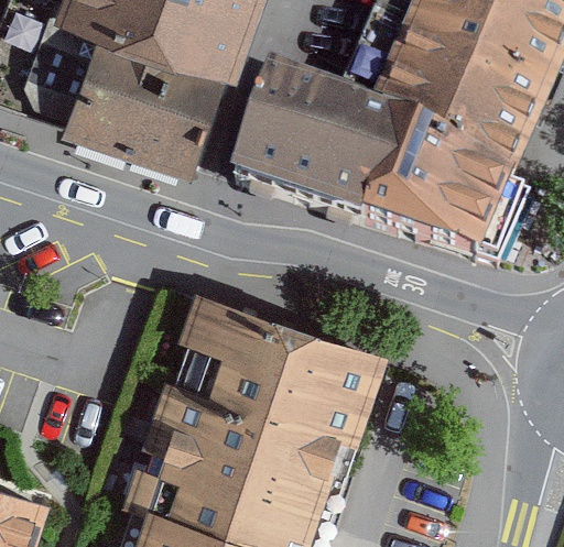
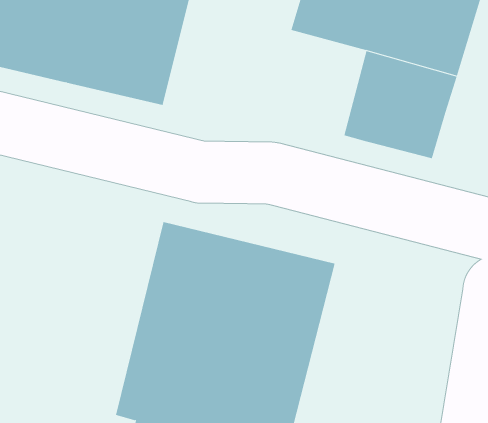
building: [246,73,427,215] -> none

